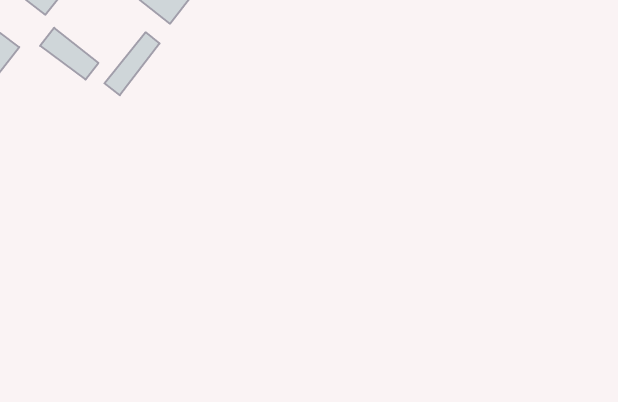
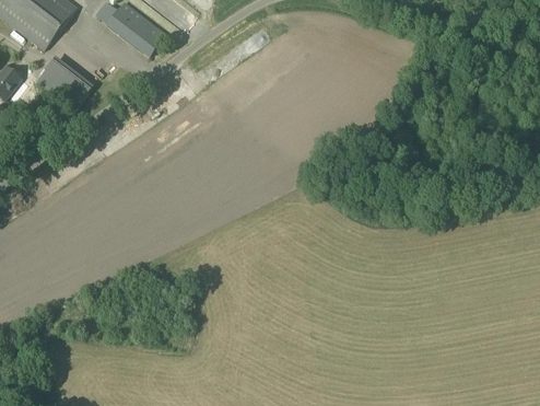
building: [104,32,160,95] -> none

